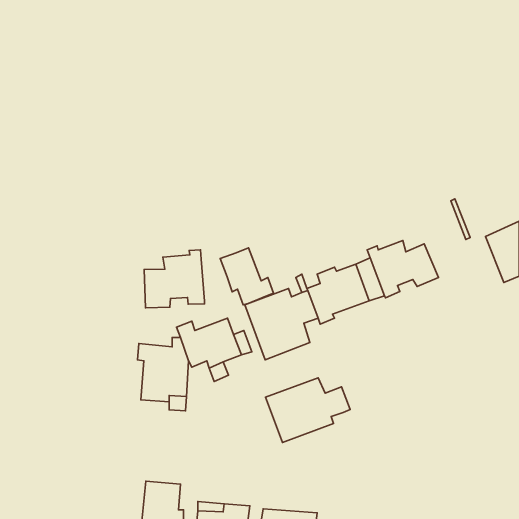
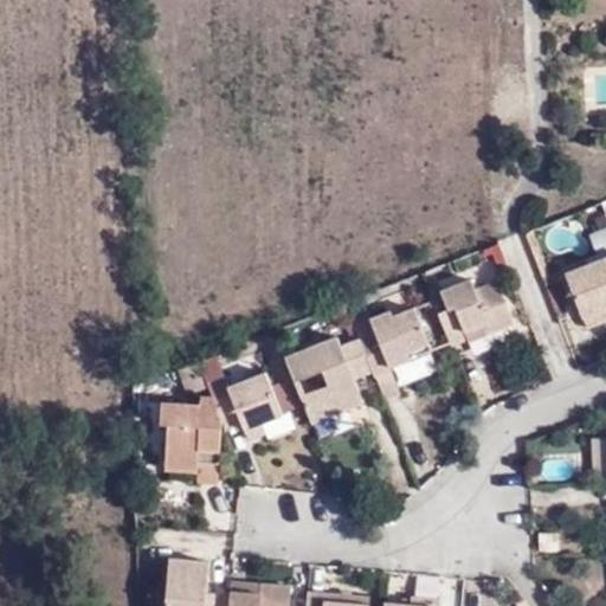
building: [220,248,274,305] -> none
building: [144,250,204,308] -> none
building: [266,378,350,442] -> none

